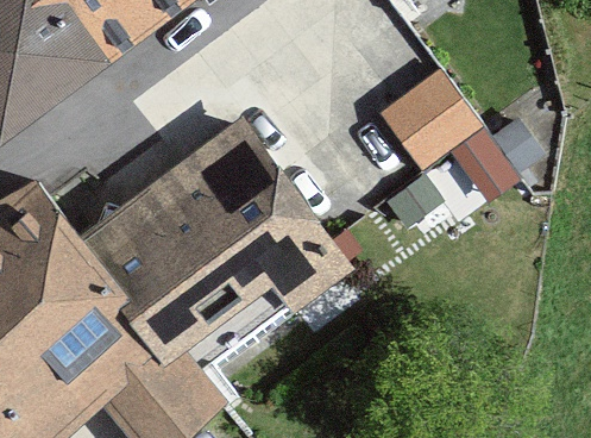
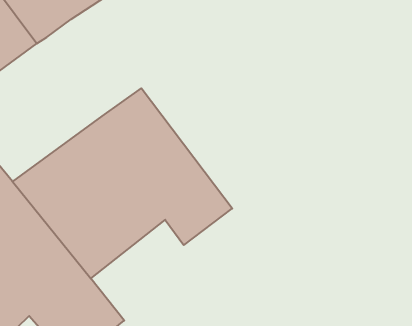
building: [381,63,524,215] -> none

